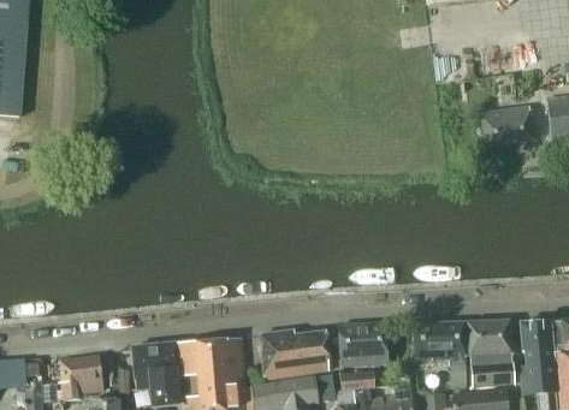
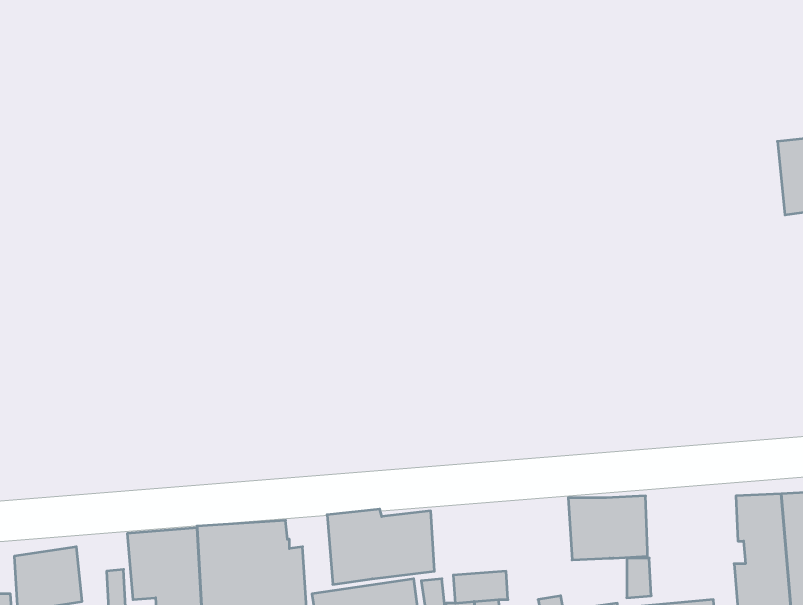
building: [480,105,533,144] -> none
building: [467,319,514,385] -> none
building: [337,321,387,364] -> none

